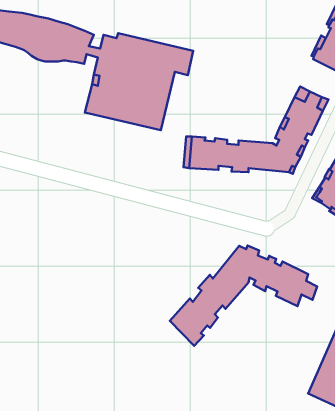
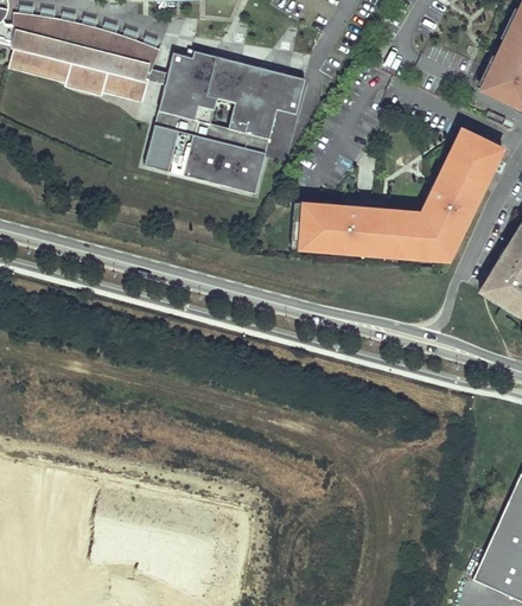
building: [170,245,317,346] -> none

